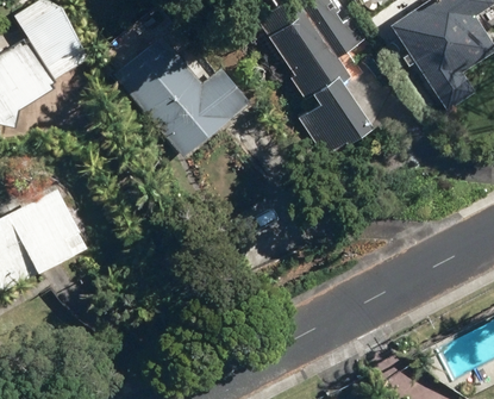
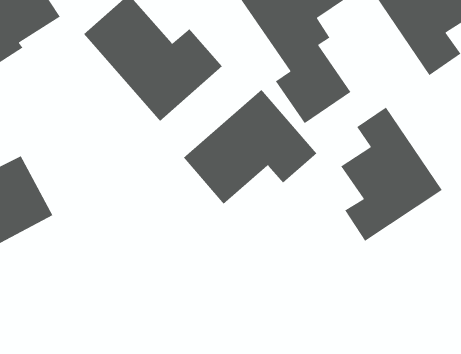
building: none -> [183,89,318,205]
building: none -> [340,106,443,242]

